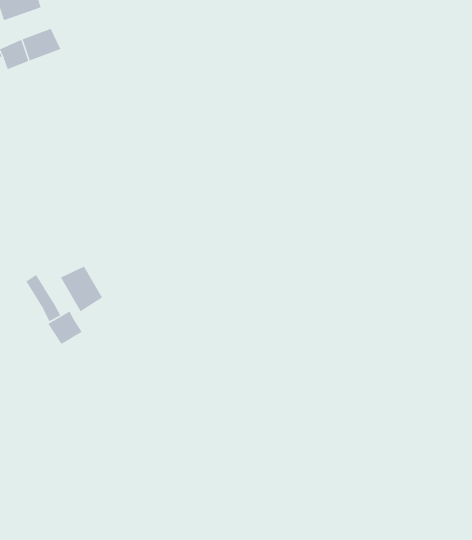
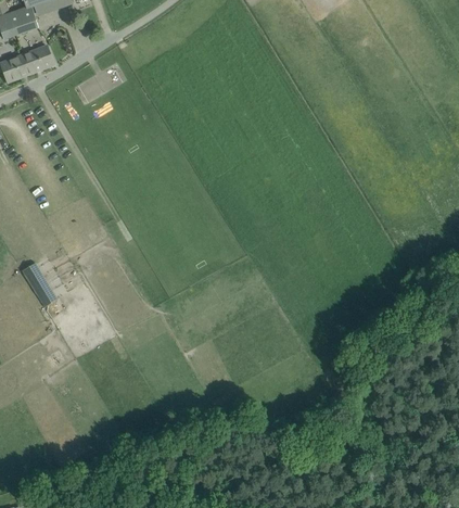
building: [60,266,103,312] -> none
building: [47,311,82,345] -> none

